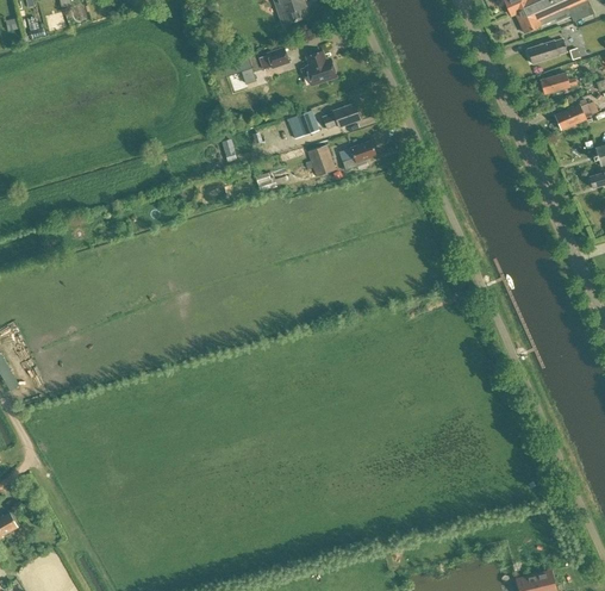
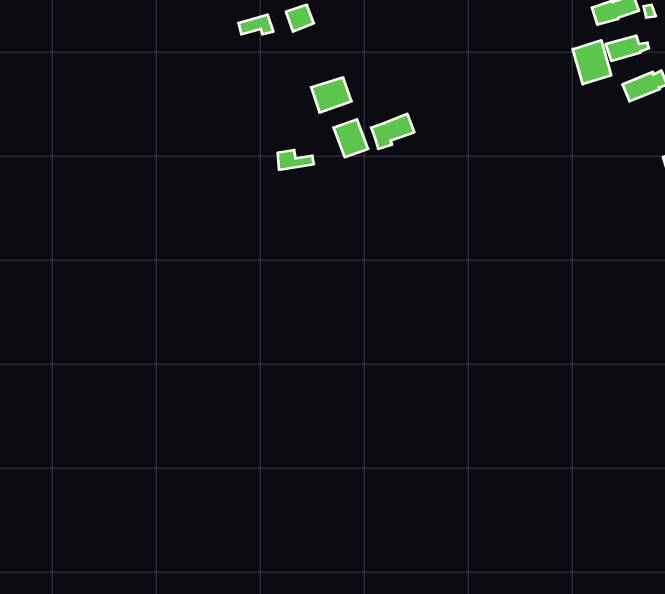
building: [306,51,337,85] -> none
building: none -> [573,40,611,84]
building: [324,102,360,129] -> none

